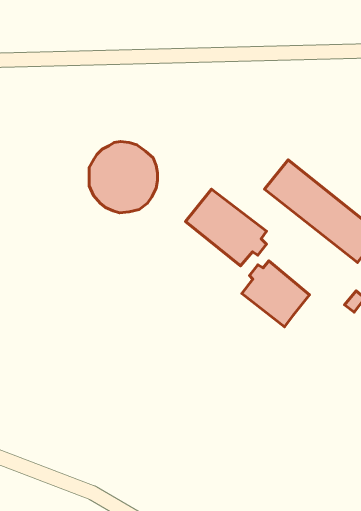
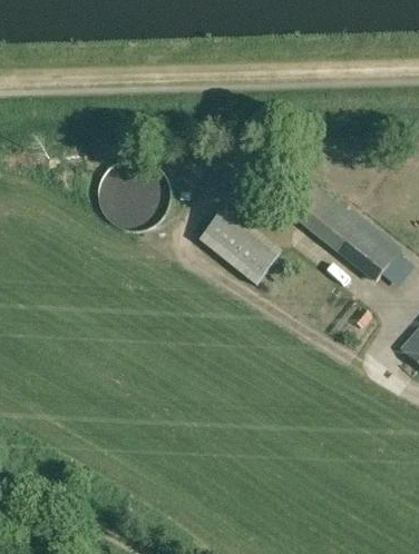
building: [242,261,310,327] -> none

